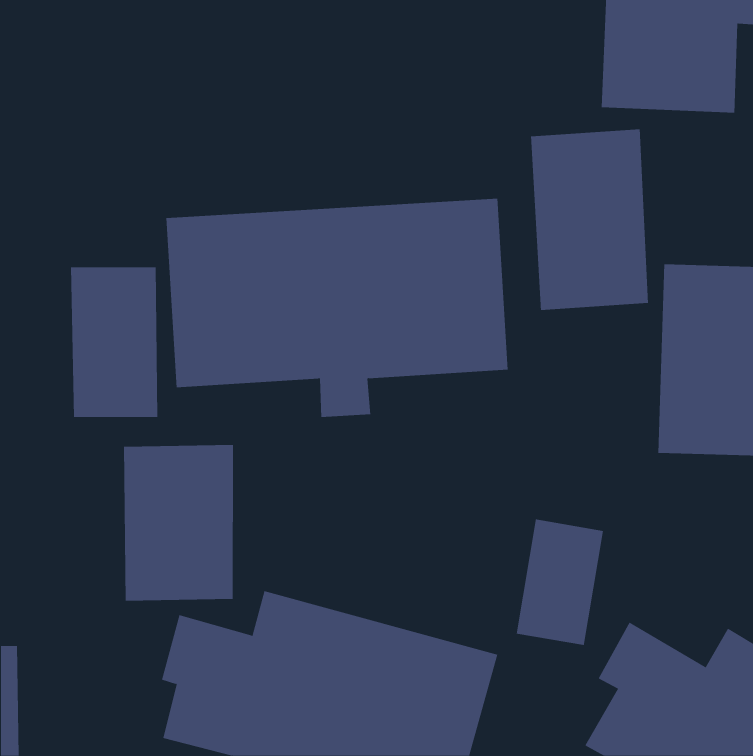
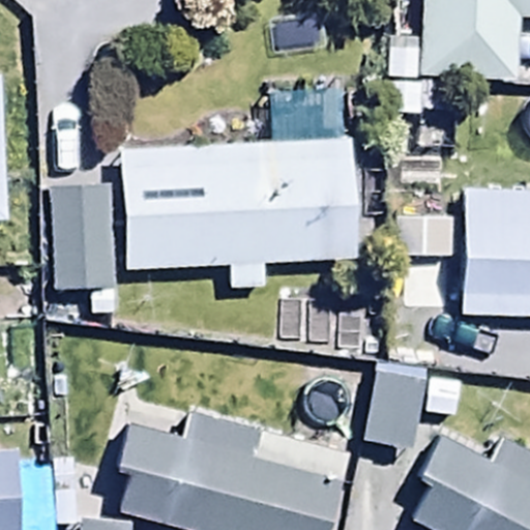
building: [530,128,648,311] -> none
building: [124,444,234,601] -> none

